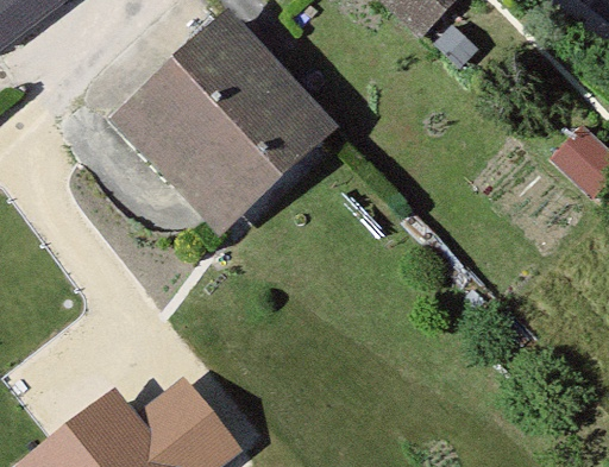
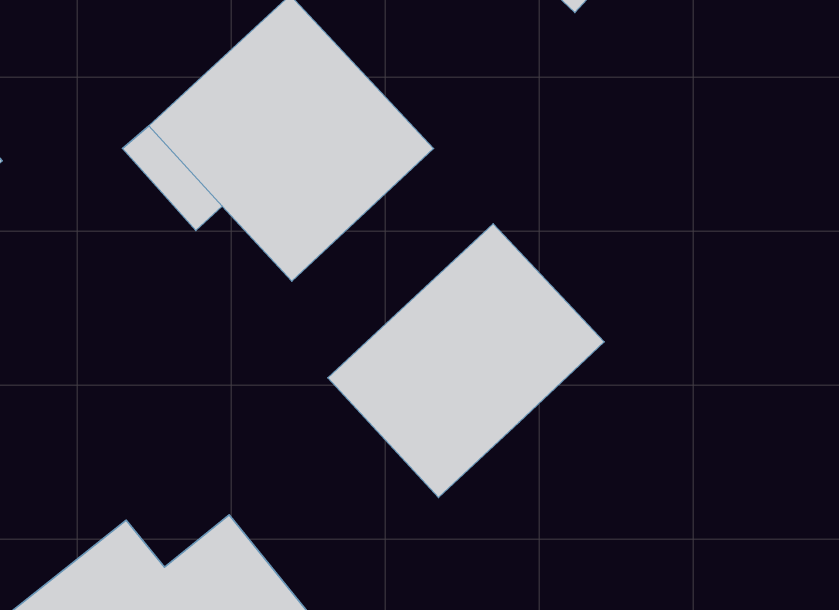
building: none -> [328,224,604,498]

